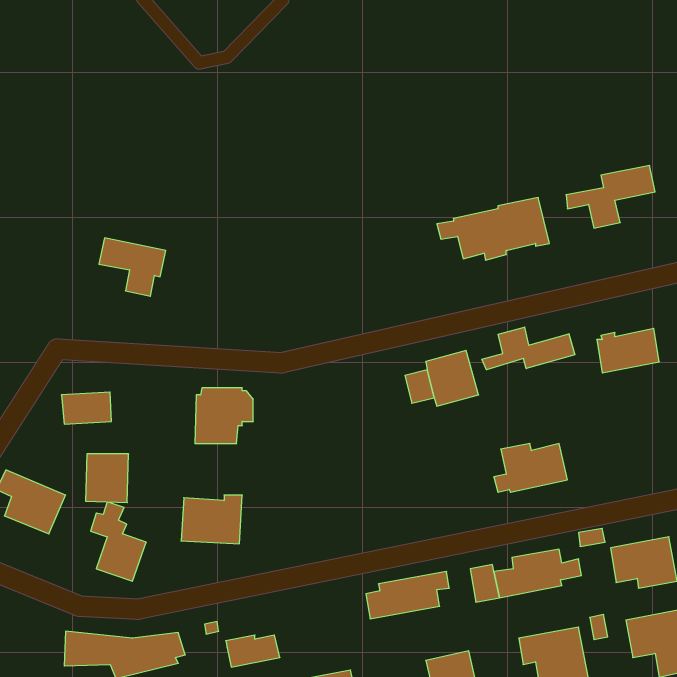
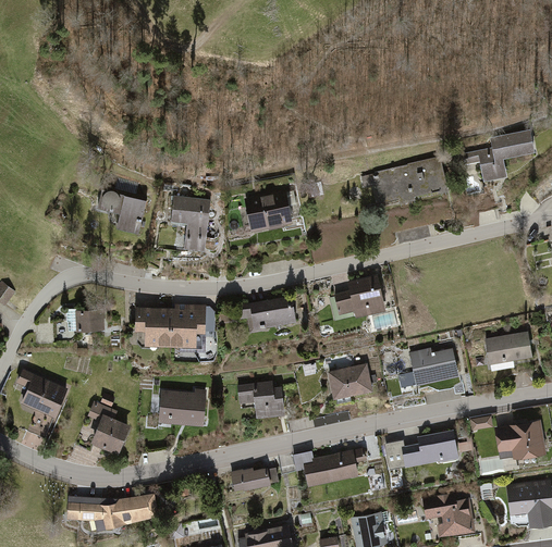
building: none -> [244,189,294,232]
building: none -> [171,196,210,251]
building: [482,327,575,370] -> none
building: [597,328,659,373] -> [479,327,528,362]
building: none -> [236,296,298,332]
building: [86,454,129,503] -> [136,310,170,348]
building: none -> [327,363,375,405]
building: none -> [235,381,289,421]
building: [226,635,280,667] -> [231,468,273,493]

